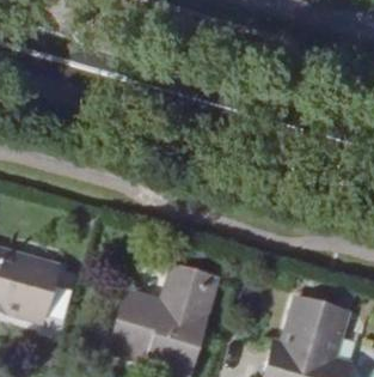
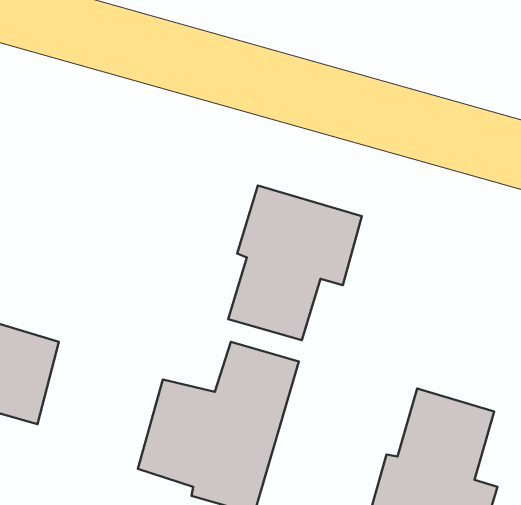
building: none -> [228,186,362,340]

